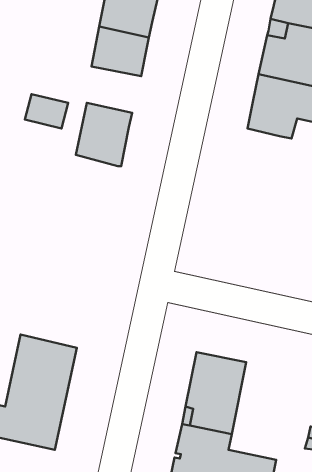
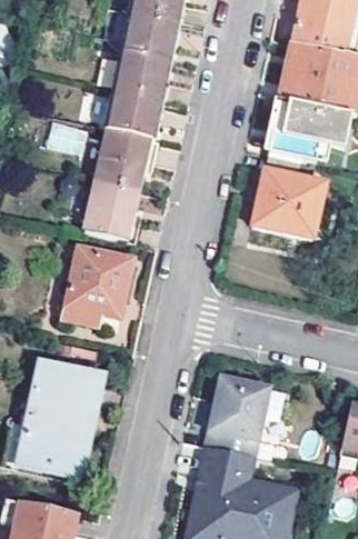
building: none -> [105,88,162,134]
building: none -> [252,150,325,238]
building: none -> [84,177,141,240]
building: none -> [64,246,131,319]

